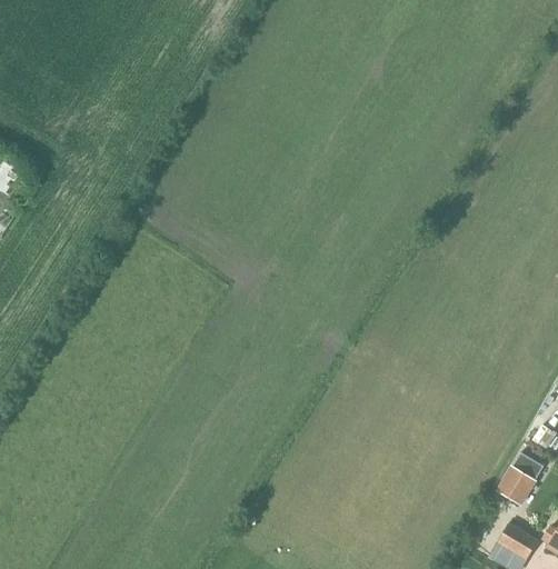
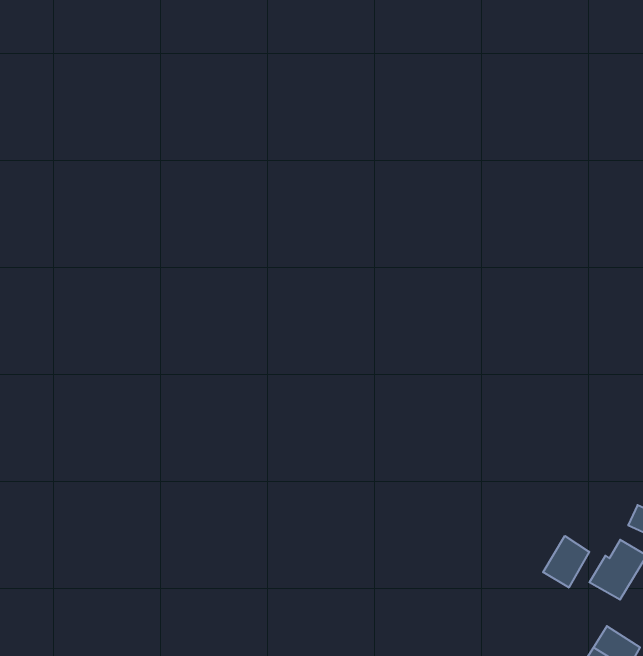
building: none -> [543,536,589,588]

